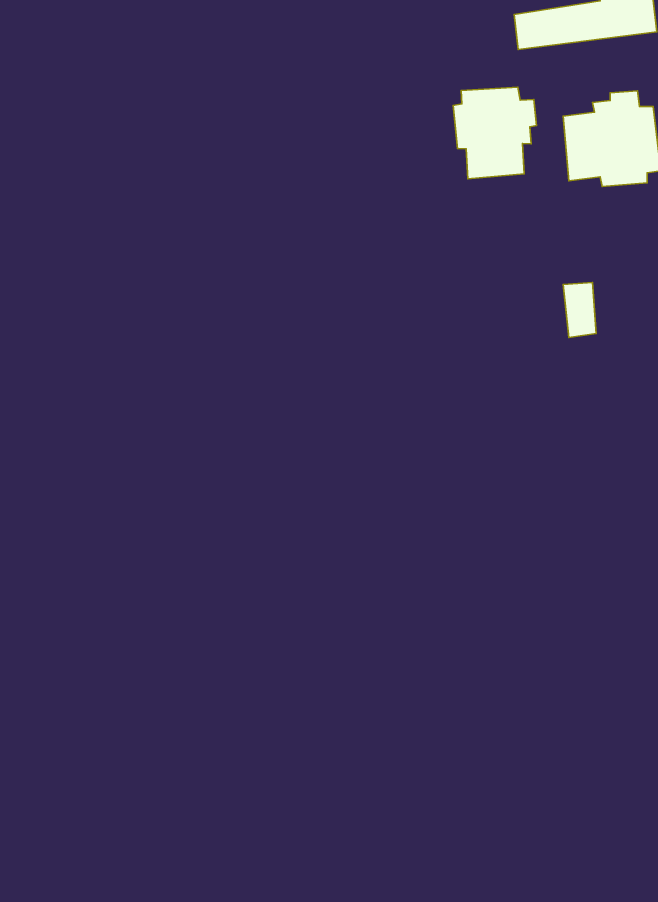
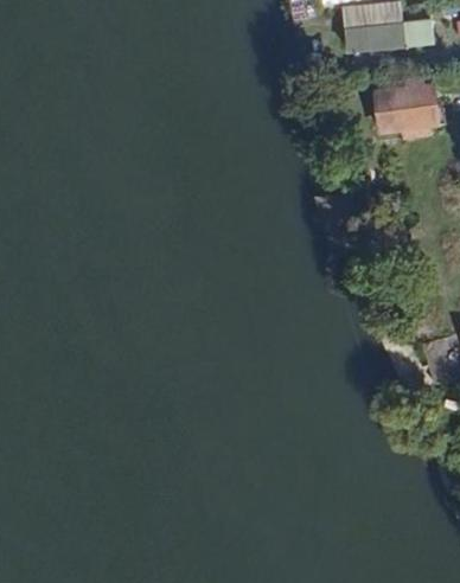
building: [453,87,537,179] -> none

